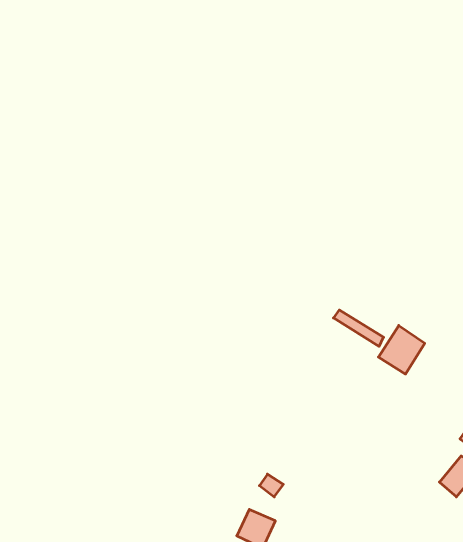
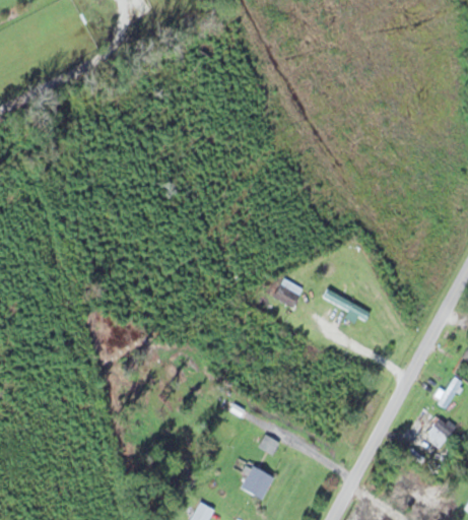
building: none -> [265,277,304,309]
building: [378,325,425,374] -> none

